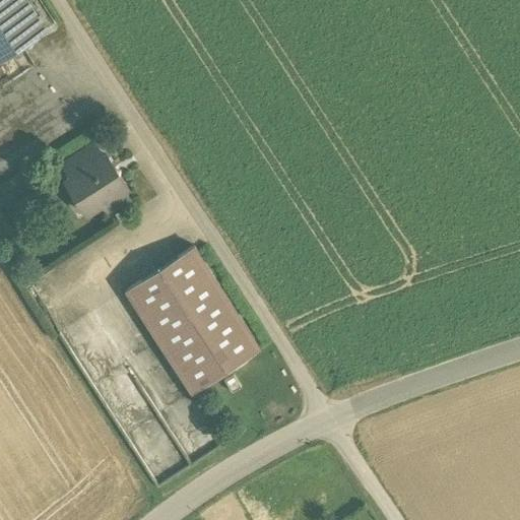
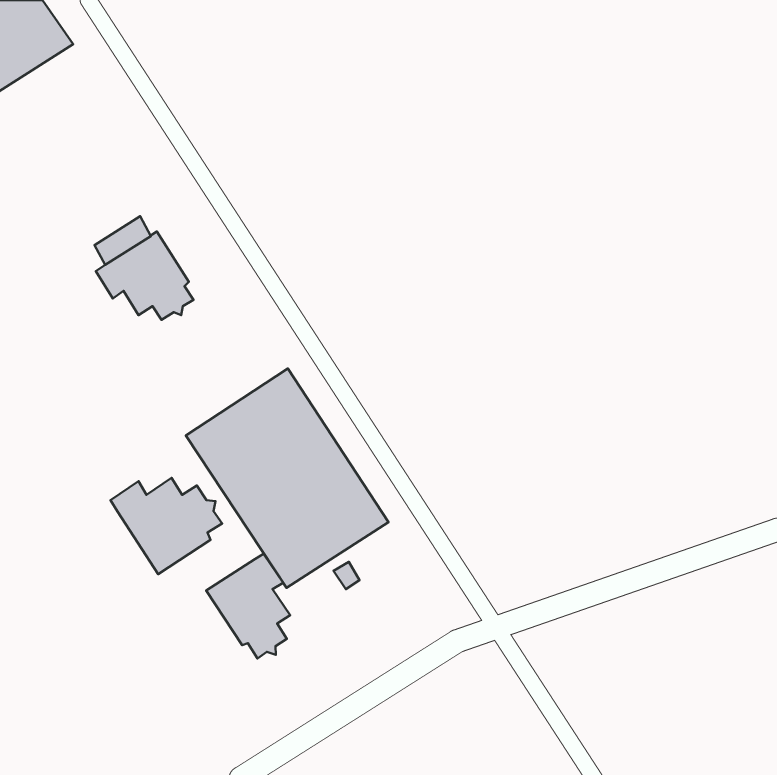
building: none -> [110,478,222,574]
building: none -> [206,554,290,659]

